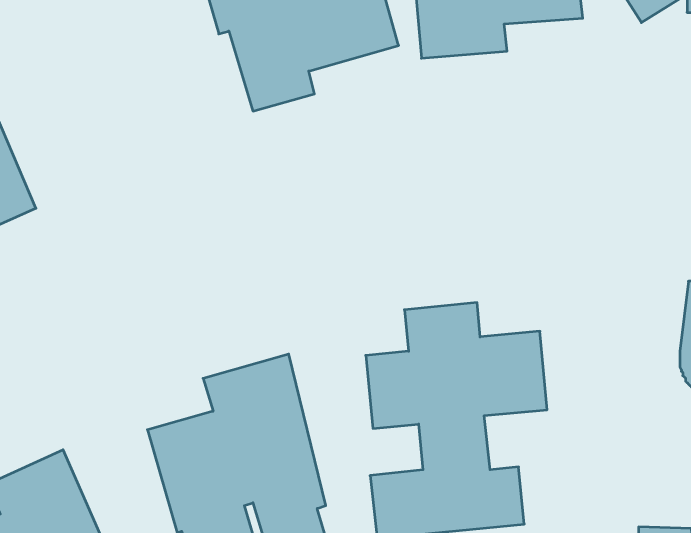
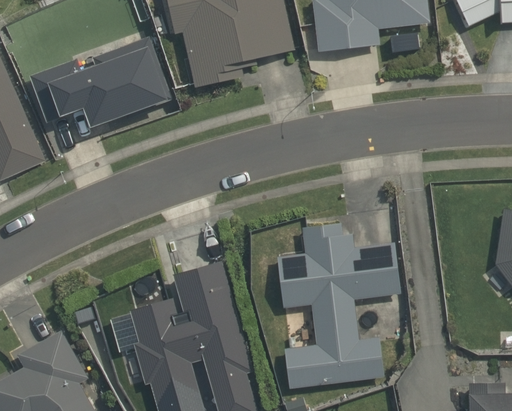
building: none -> [26,37,169,129]

